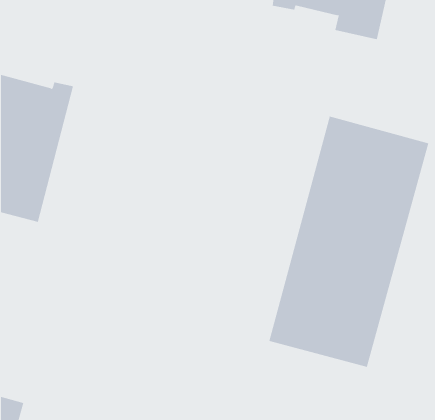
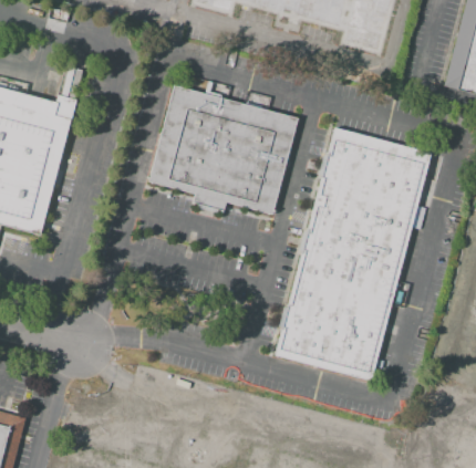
building: none -> [148,86,298,216]

